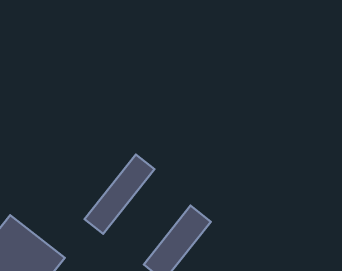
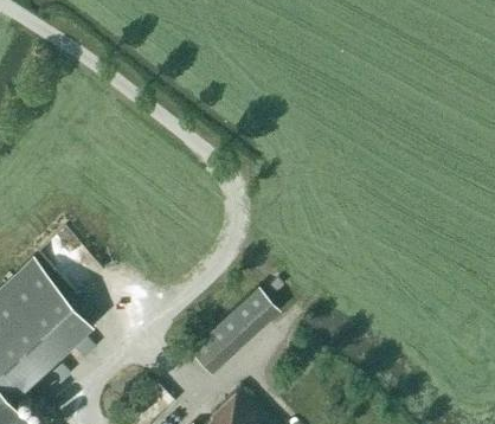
building: [84,155,155,234] -> none

